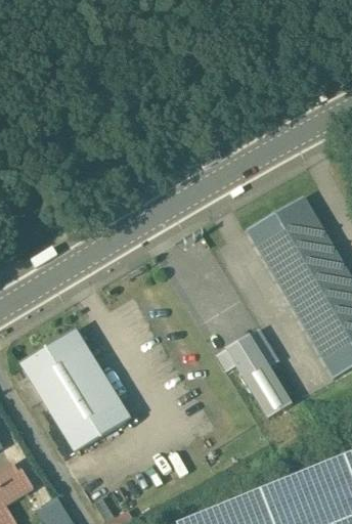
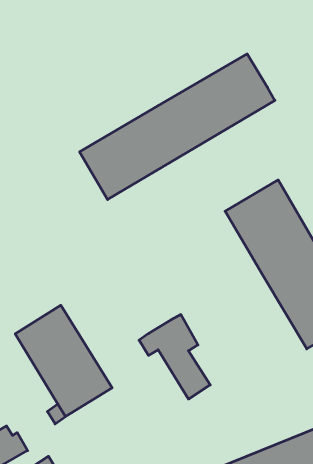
building: none -> [80,54,275,200]
building: [216,329,293,420] -> [139,315,210,399]

